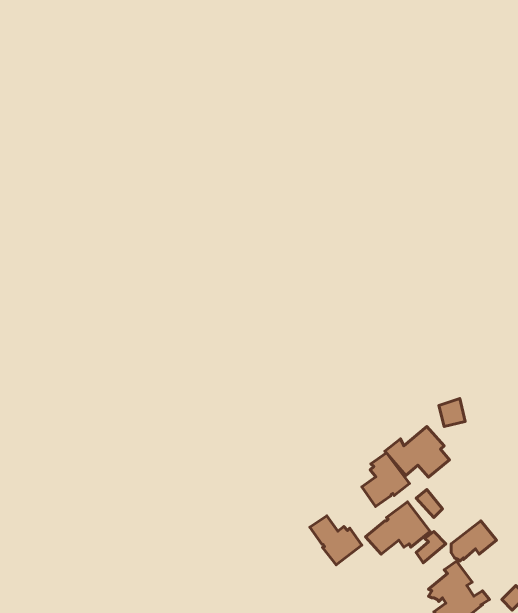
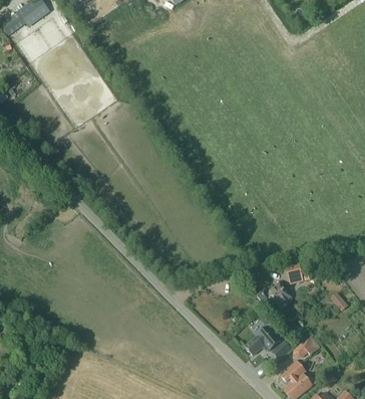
building: [362,453,410,507] -> none
building: [310,516,362,565] -> none

